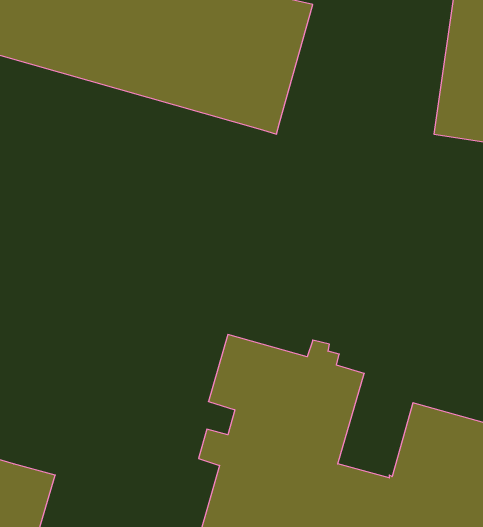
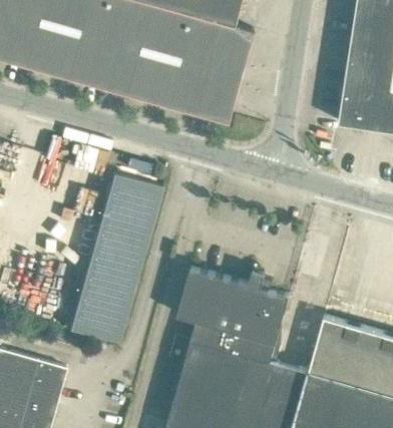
building: none -> [64,181,151,349]

